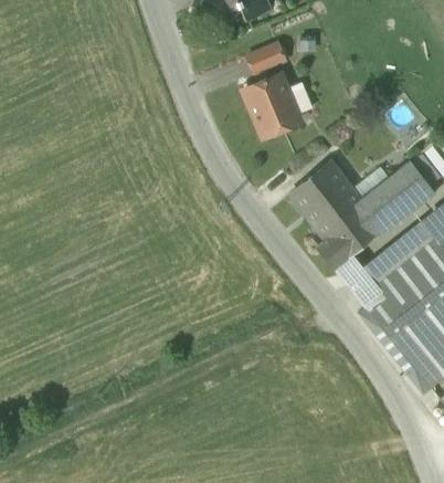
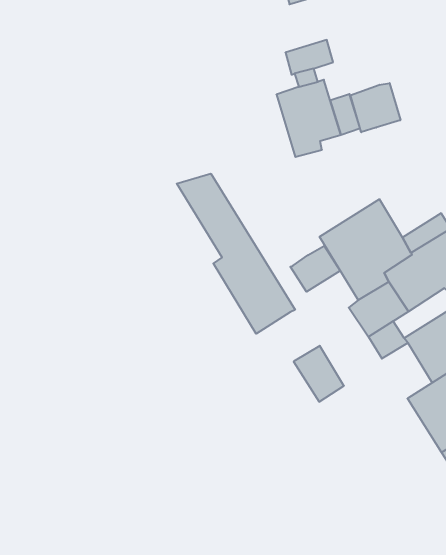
building: none -> [350,83,400,132]
building: none -> [177,174,295,334]
building: none -> [290,246,340,292]
building: [348,270,389,313] -> [294,346,344,402]

